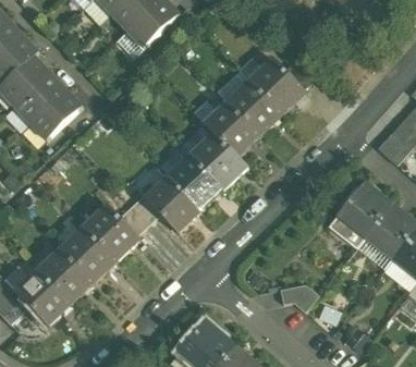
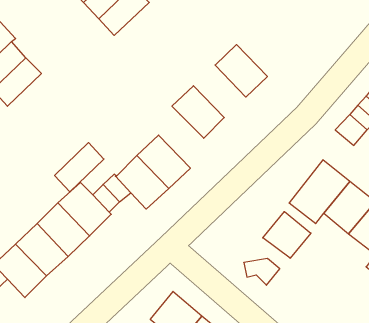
building: [227,79,282,135] -> none
building: [29,88,82,140] -> [55,143,104,192]
building: [189,132,245,188] -> none
building: none -> [263,212,311,258]

